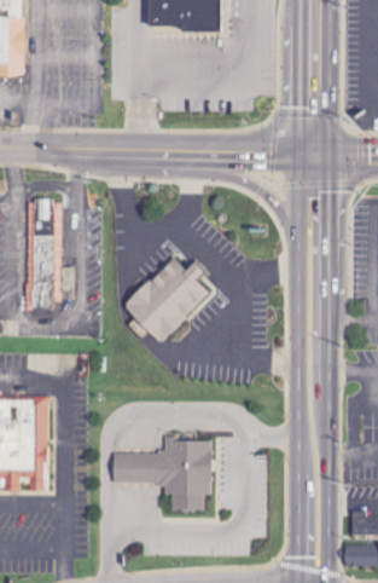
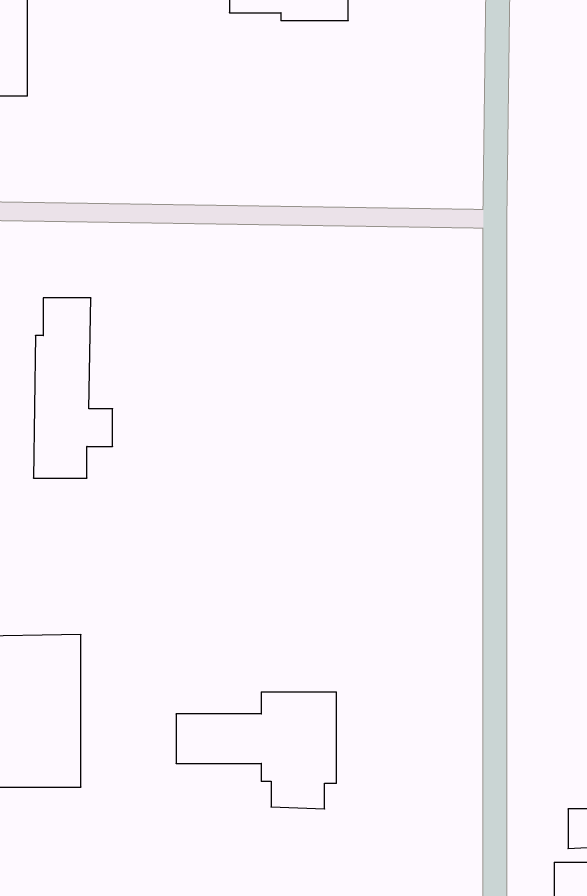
building: [130,262,220,352] -> none

